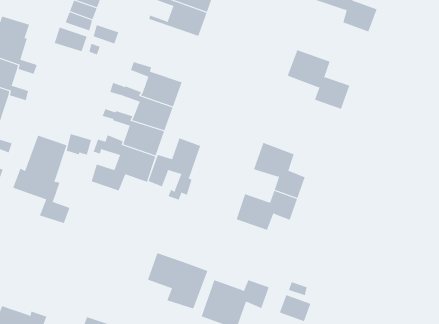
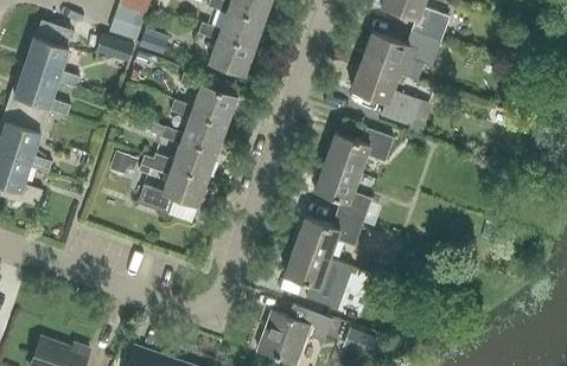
building: none -> [198,26,255,72]
building: none -> [362,30,440,79]
building: none -> [325,127,394,173]
building: [13,135,70,224] -> none
building: [148,137,201,200] -> none
building: [147,252,208,309] -> [285,244,351,306]

